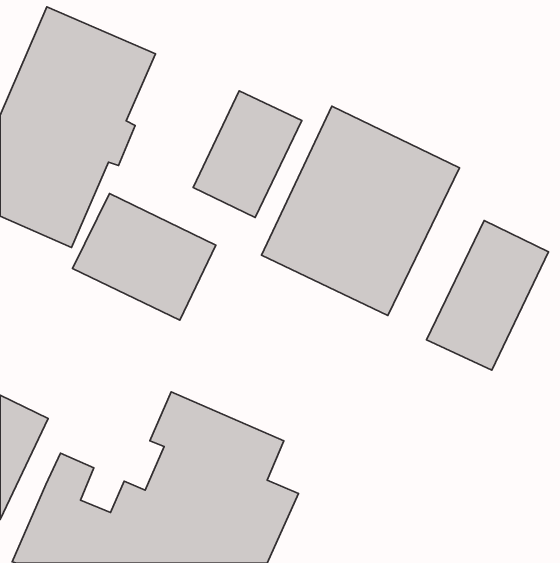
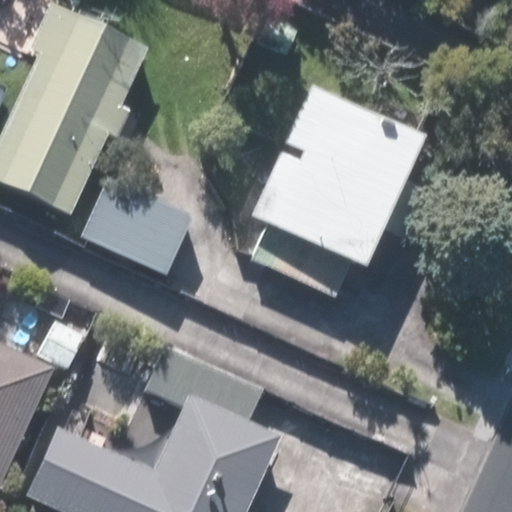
building: [193,91,302,218] -> none
building: [427,221,549,370] -> none

